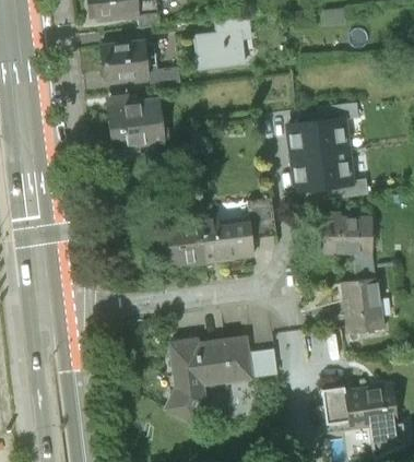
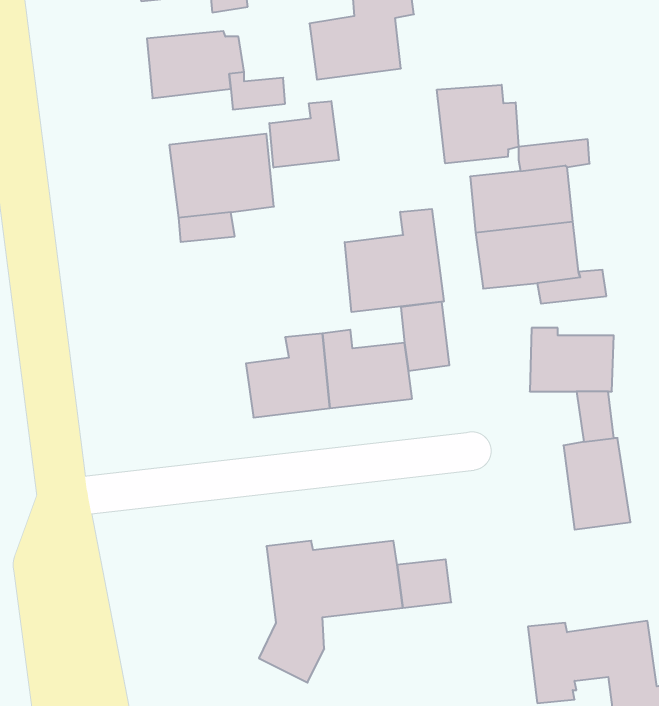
building: none -> [437,85,519,163]
building: none -> [269,101,339,168]
building: none -> [345,209,444,312]

